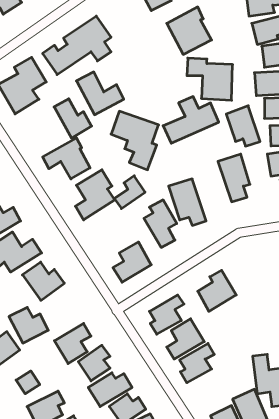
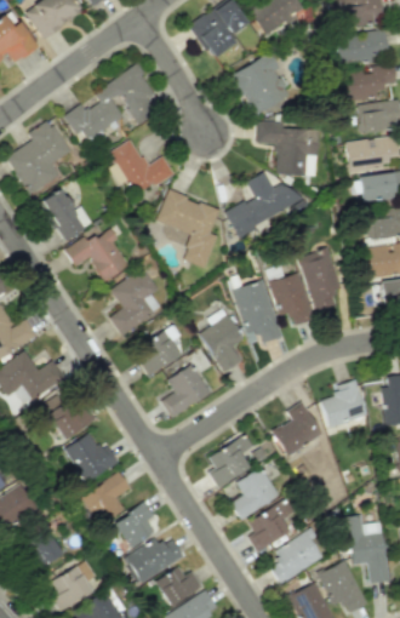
building: [54,99,92,138] -> [42,189,92,241]
building: [226,106,260,146] -> [269,271,314,325]
building: [114,176,145,209] -> [138,333,179,377]
building: none -> [320,379,367,428]
building: [9,307,48,343] -> [65,435,118,482]
building: none -> [268,531,324,584]

